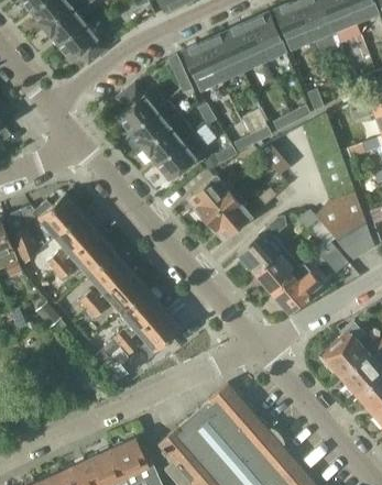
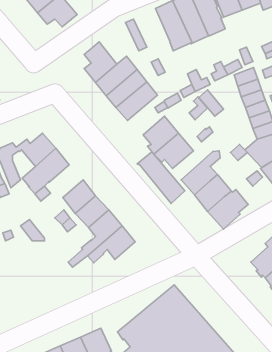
building: [182,41,222,92] -> none
building: none -> [137,152,185,203]
building: [72,235,114,276] -> none

